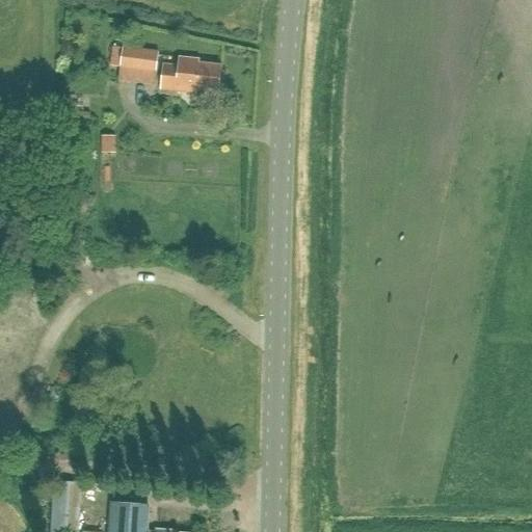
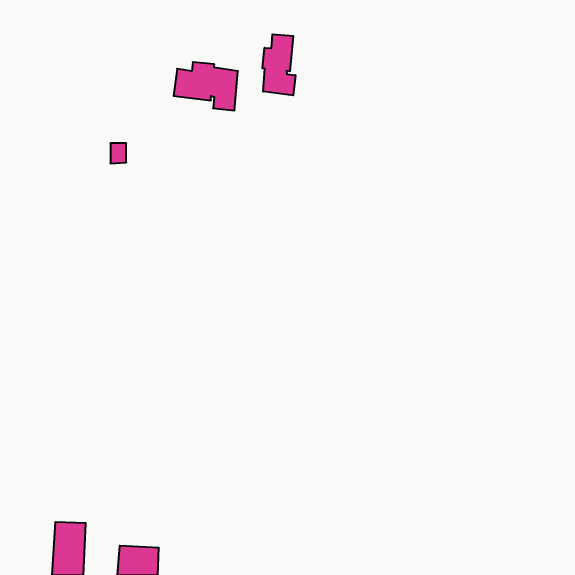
building: none -> [262,34,295,95]
building: [118,47,158,72] -> none

